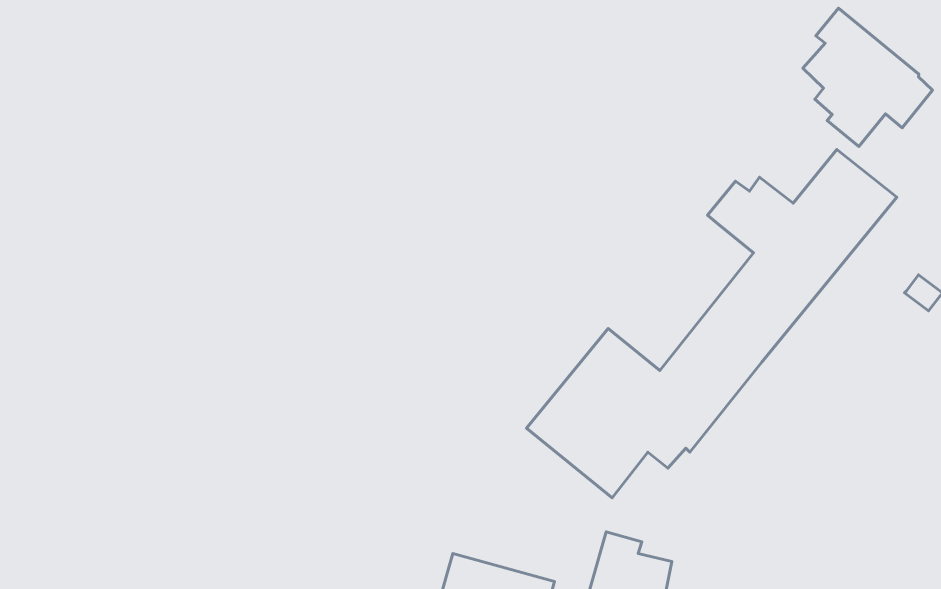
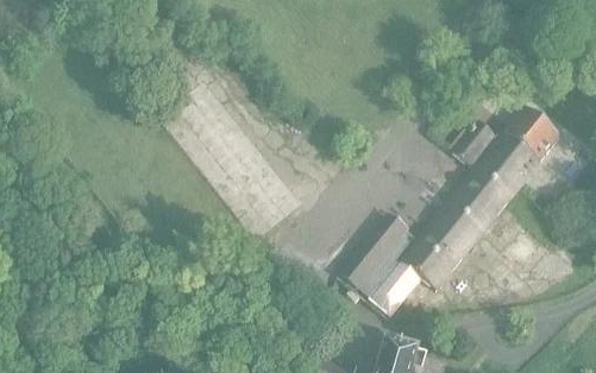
building: [803,8,932,147] -> none

